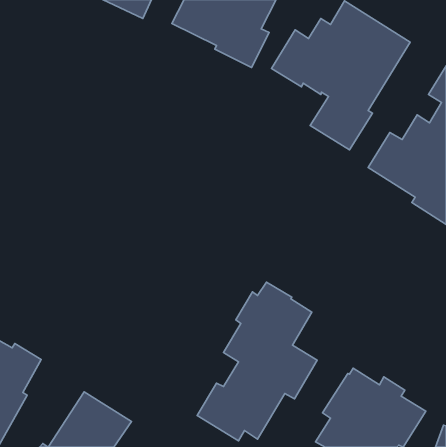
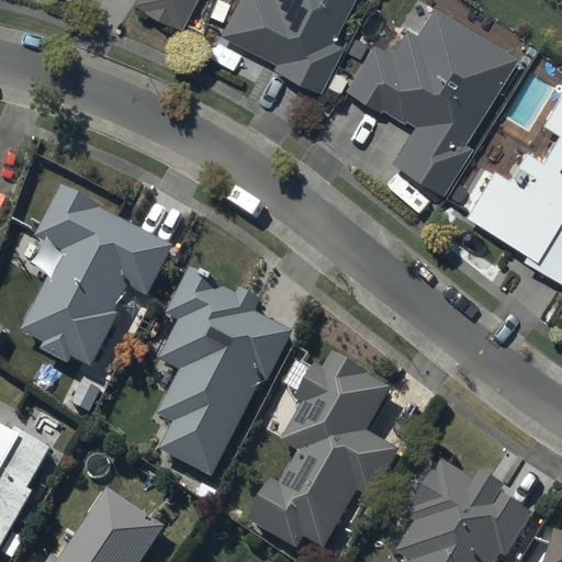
building: none -> [23,187,172,370]
building: none -> [157,270,293,479]

